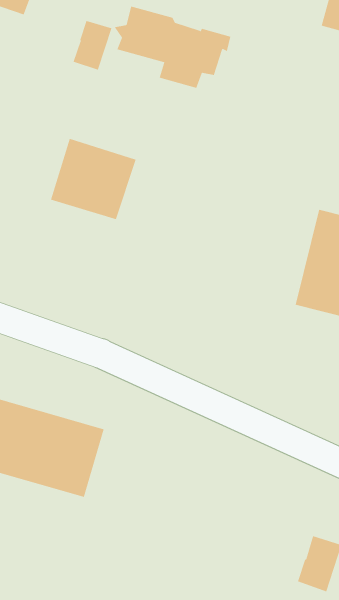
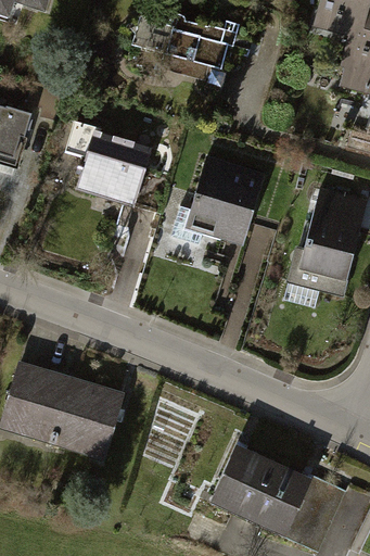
building: [73,20,112,70] -> none
building: none -> [186,165,261,249]
building: none -> [208,451,306,536]

